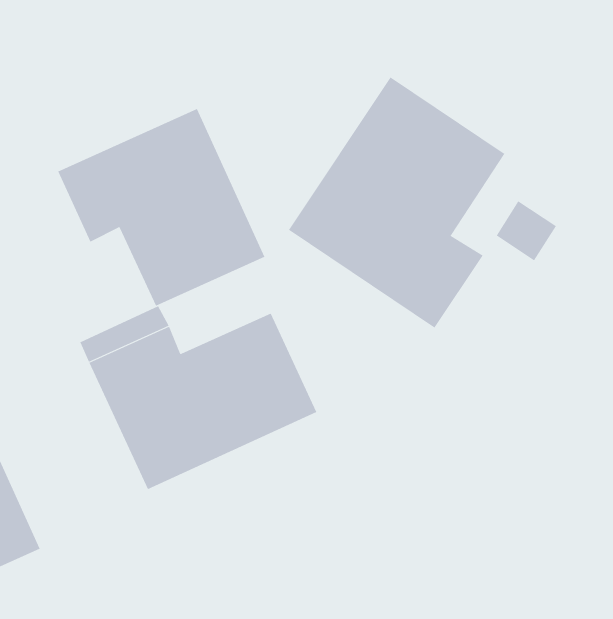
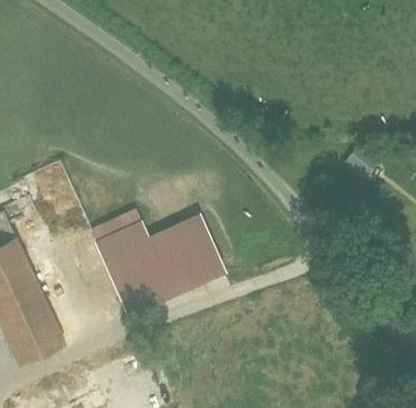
building: [288,76,505,329] -> none
building: [57,108,265,307] -> none

